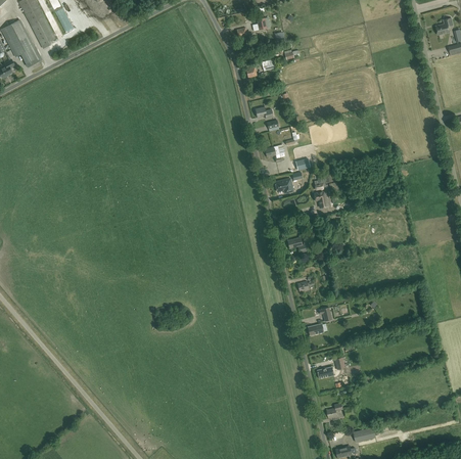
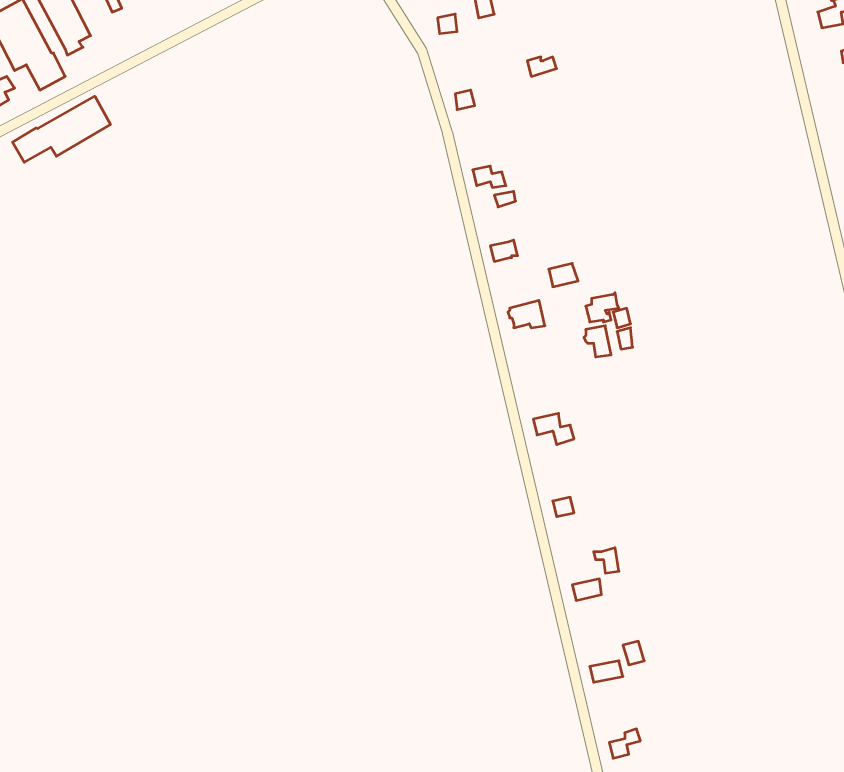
building: none -> [13,96,110,162]

